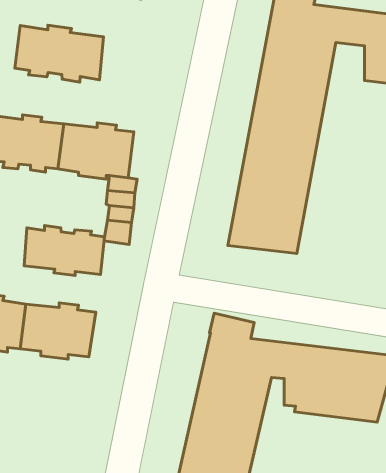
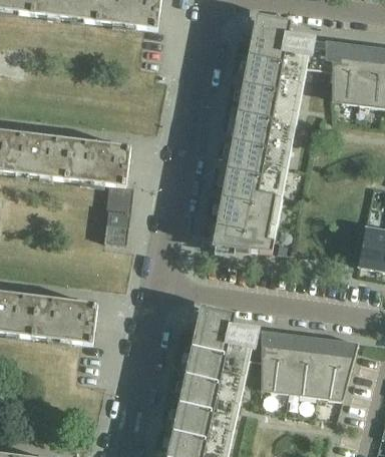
building: [15,25,104,82] -> none
building: [24,225,104,275] -> none

